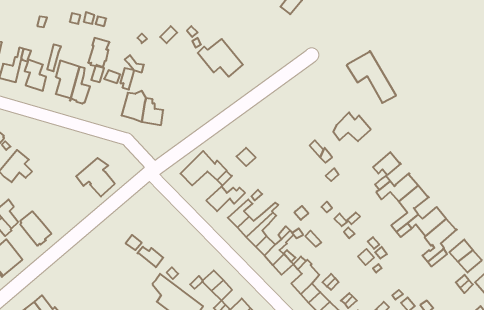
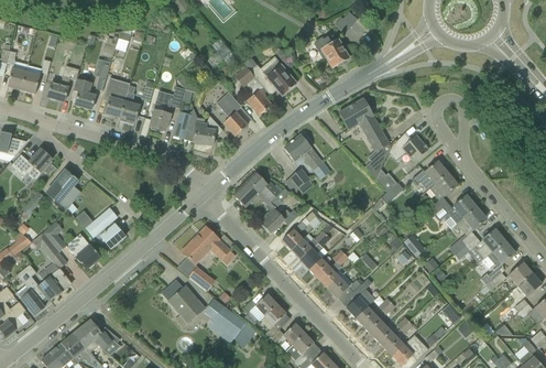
building: none -> [314,36,349,67]
building: [88,38,110,67] -> [149,101,171,131]
building: none -> [233,66,271,115]
building: [347,51,396,103] -> [338,98,389,151]
building: none -> [216,93,247,136]
building: none -> [283,134,323,171]
building: none -> [407,161,447,188]
building: [76,158,115,197] -> [85,209,124,249]
building: none -> [181,227,230,264]
building: none -> [161,280,204,323]

